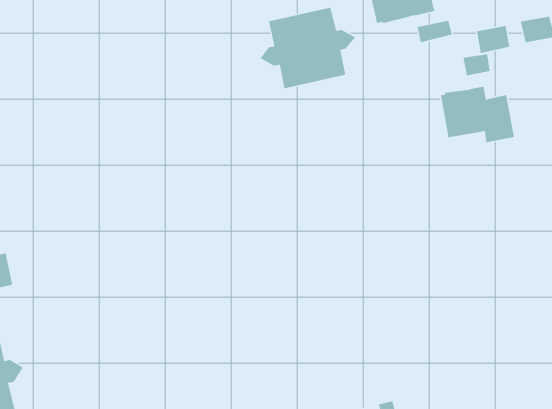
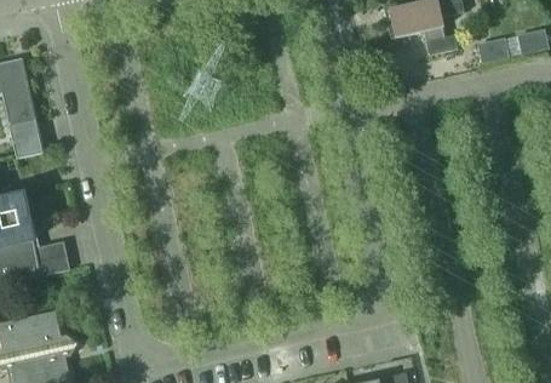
building: [260,7,356,89] -> none
building: [440,54,515,143] -> none

